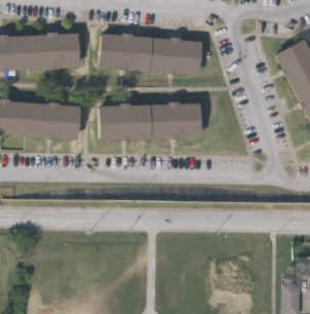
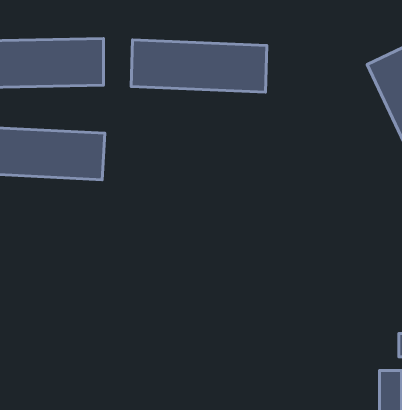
building: [100,104,200,140] -> none

